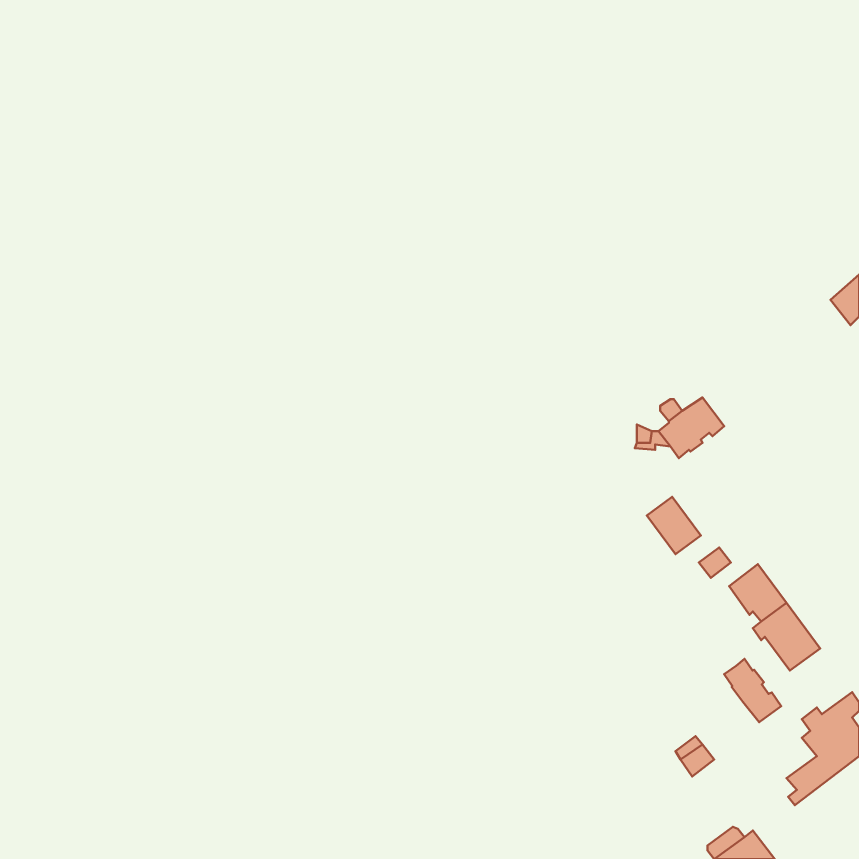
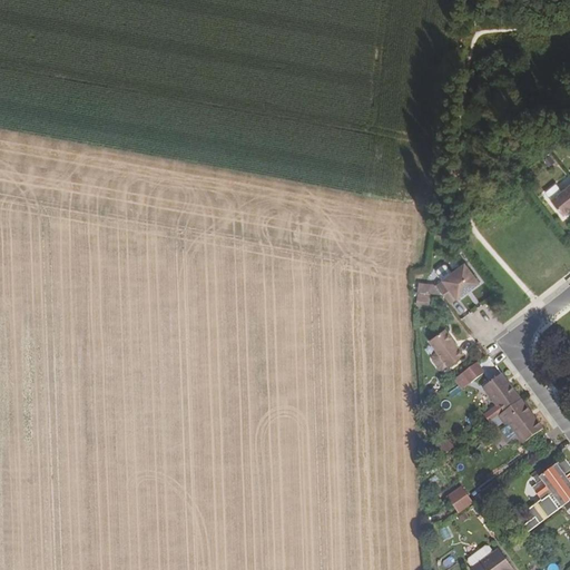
building: [724,659,781,722] -> none

